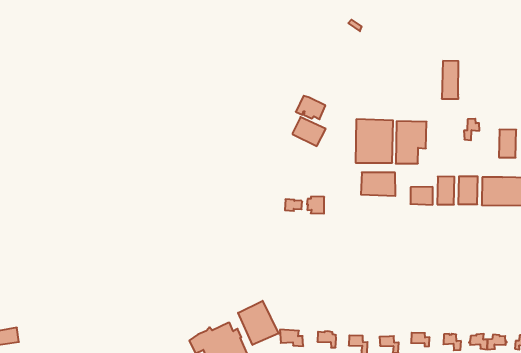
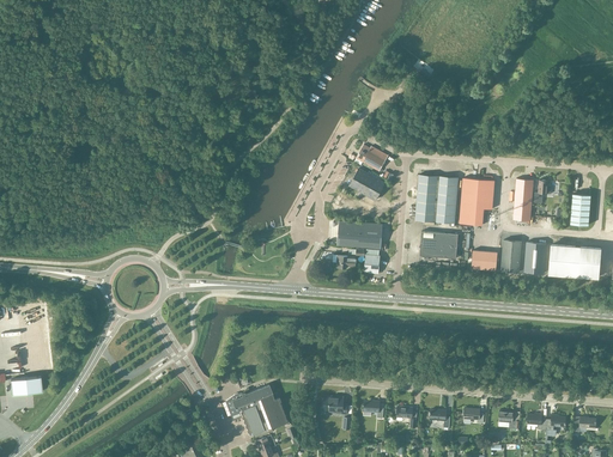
building: [442,61,458,99] -> [512,179,533,221]
building: none -> [338,221,382,249]
building: [238,301,279,345] -> none

